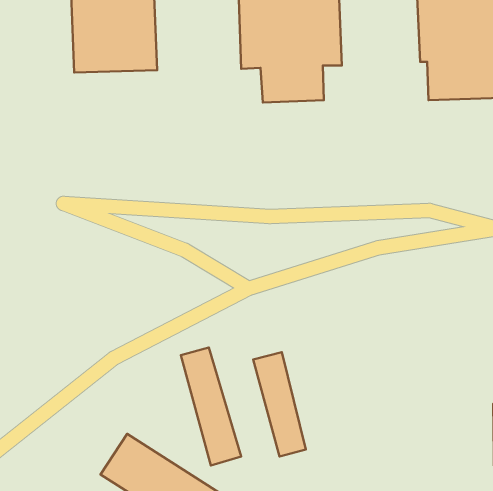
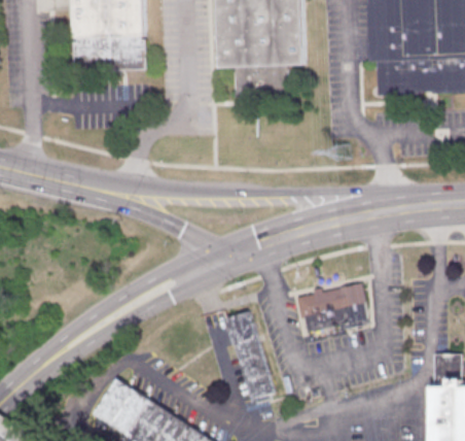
building: none -> [296,282,369,333]
building: [181,348,241,466] -> none

